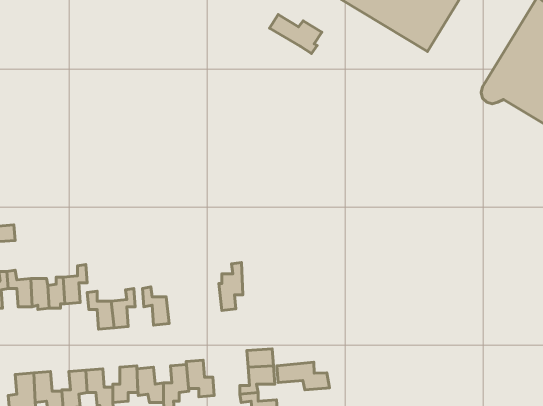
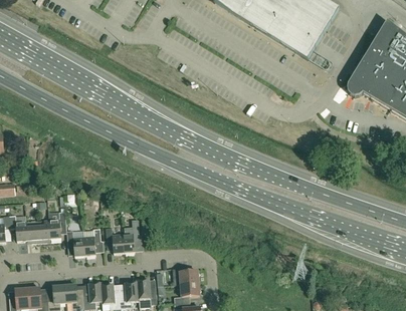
building: [270,14,322,54] -> none
building: [219,262,243,310] -> [123,217,140,251]
building: [277,362,330,390] -> none

